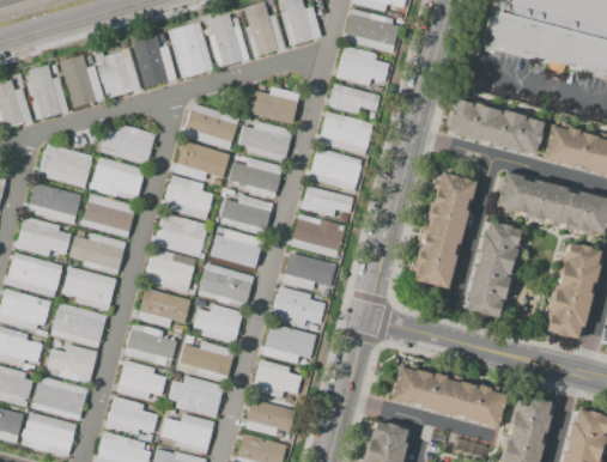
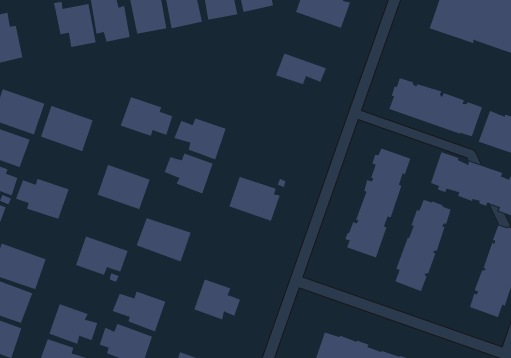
building: [336,45,389,86] -> none
building: [61,55,104,108] -> none
building: [245,87,301,124] -> none
building: [183,104,239,151] -> none
building: [318,111,374,156] -> none
building: [241,121,293,164] -> none
building: [102,123,154,166] -> none
building: [309,148,363,193] -> none
building: [163,176,214,221] -> none
building: [302,186,354,219] -> none
building: [81,194,136,238] -> none
building: [213,229,262,272] -> none
building: [145,249,196,296] -> none
building: [283,254,335,291] -> none
building: [63,267,116,311] -> none
building: [272,287,326,327] -> none
building: [193,304,242,345] -> none
building: [125,323,177,365] -> none
building: [251,359,302,399] -> none

